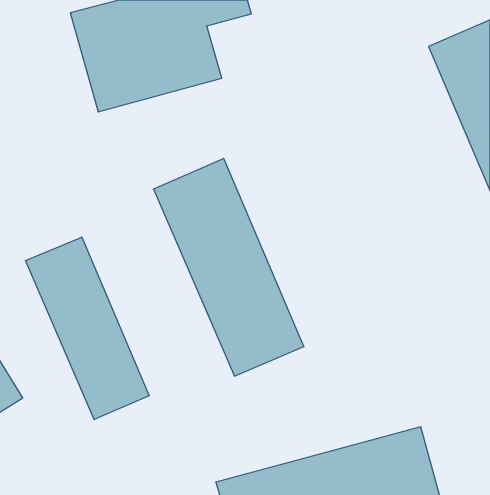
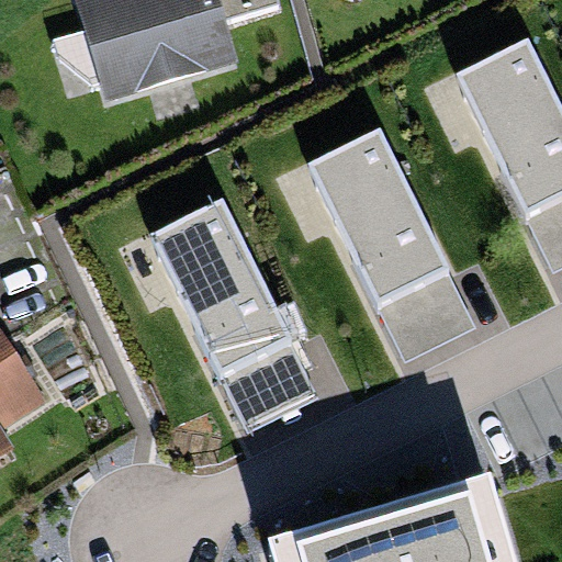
building: none -> [324,115,491,356]
building: [26,237,149,420] -> none

